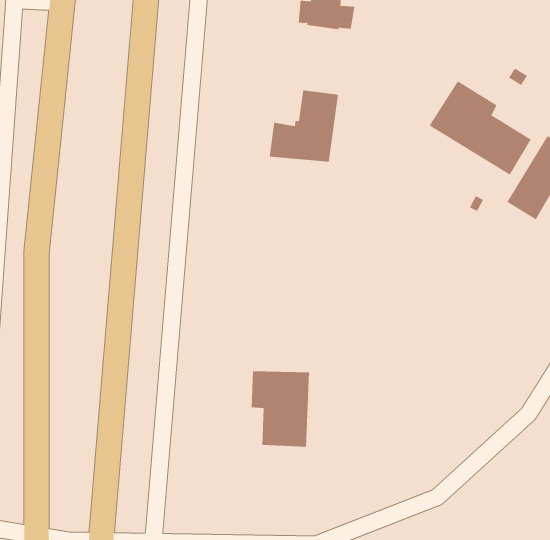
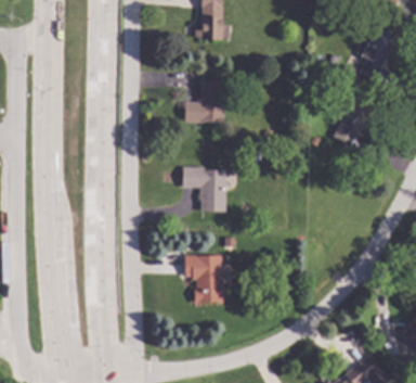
building: [429,81,532,175] -> none
building: none -> [182,167,226,212]

